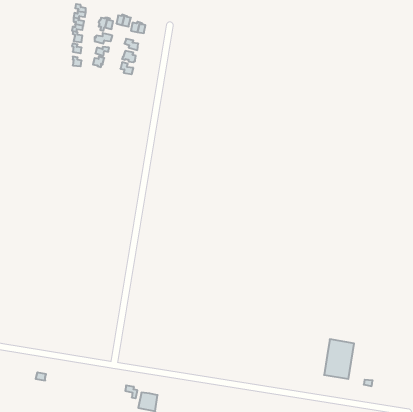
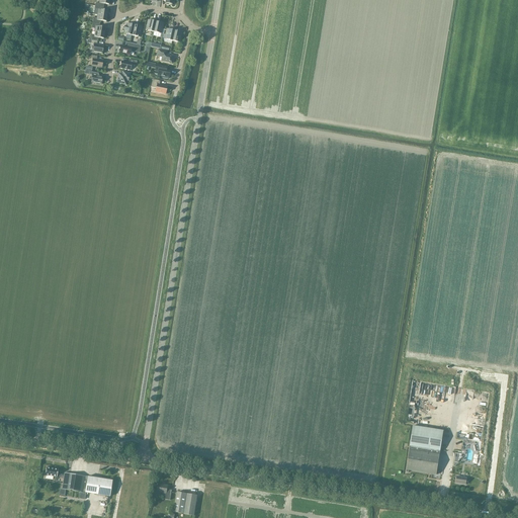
building: none -> [62,471,112,496]

